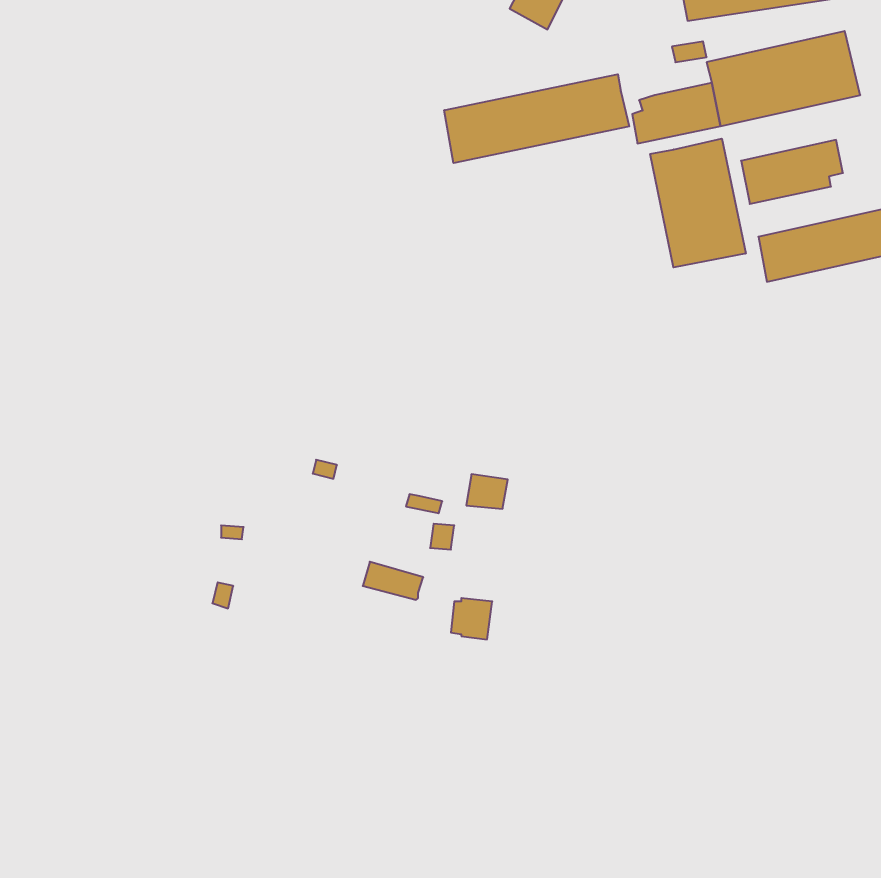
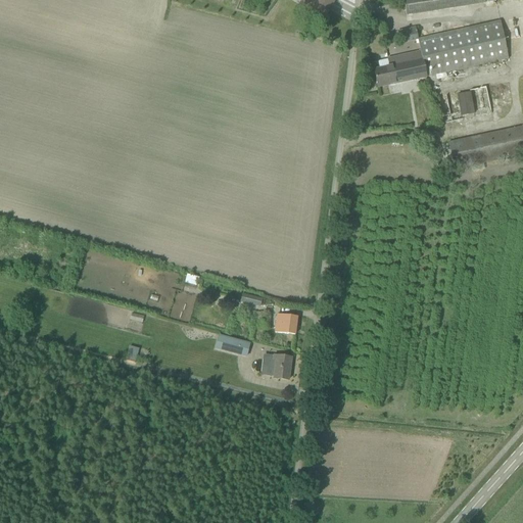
building: [444,74,629,163] -> none
building: [650,139,746,267] -> none
building: [466,474,508,509] -> [274,312,298,332]

